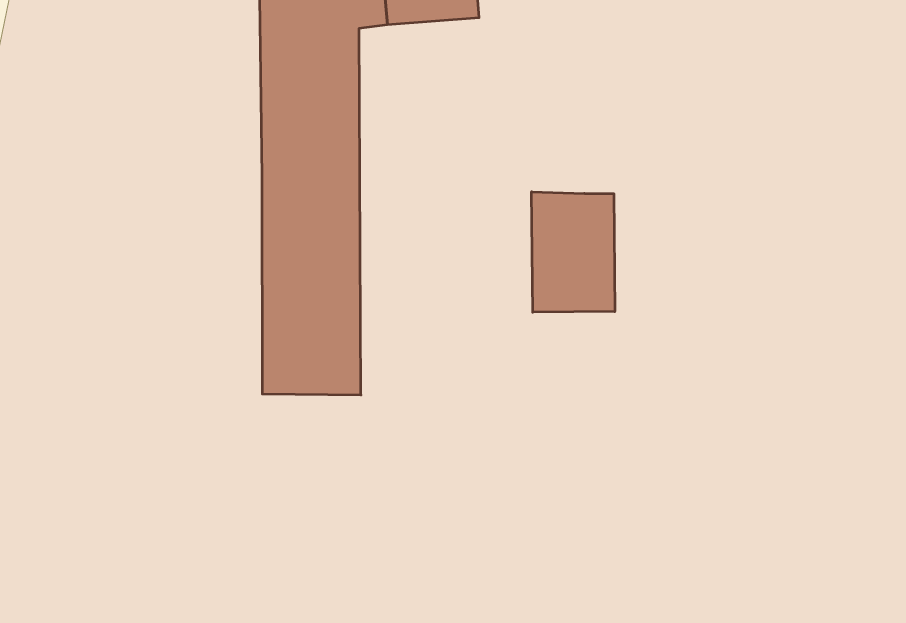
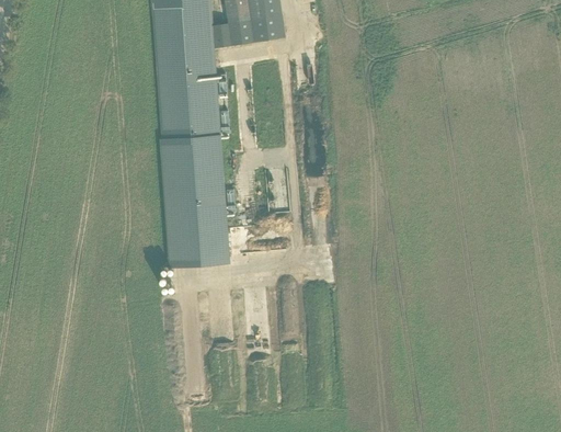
building: [532,192,615,312] -> none

